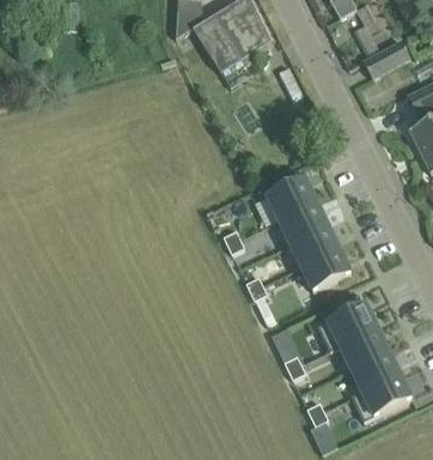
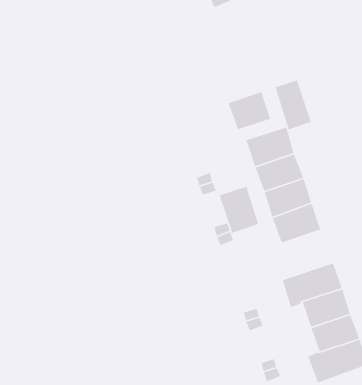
building: none -> [275,80,312,130]
building: none -> [228,91,271,130]
building: none -> [218,186,259,234]

